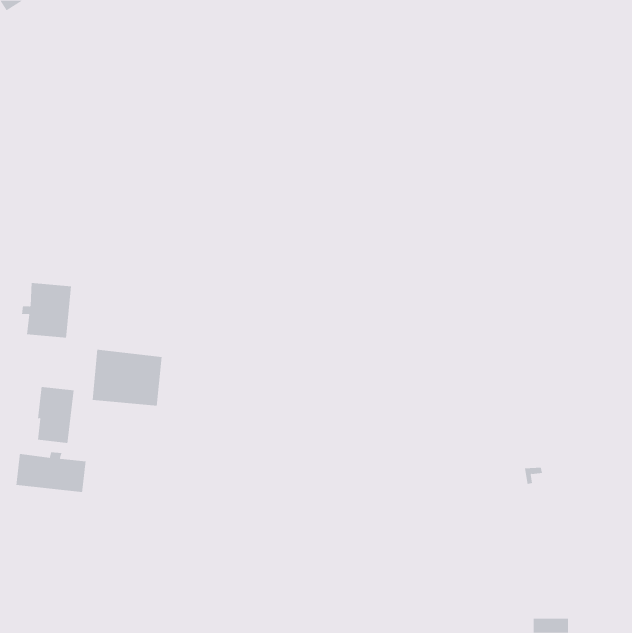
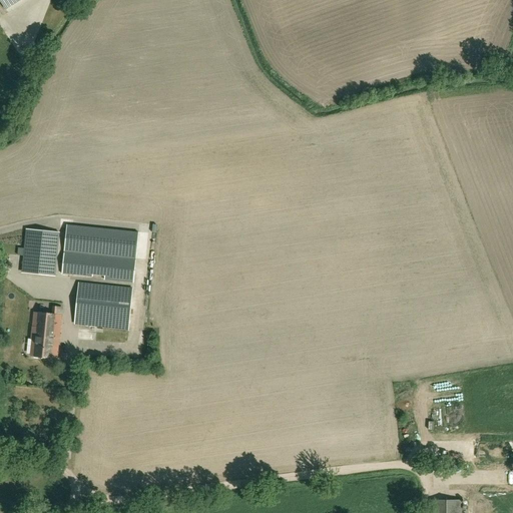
building: none -> [61,224,137,282]
building: [16,452,86,493] -> none

